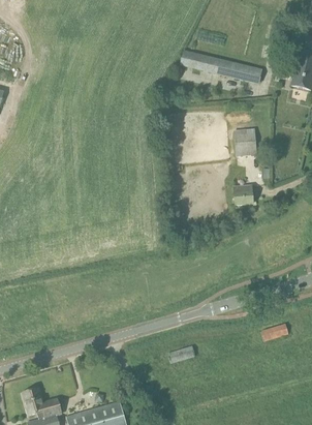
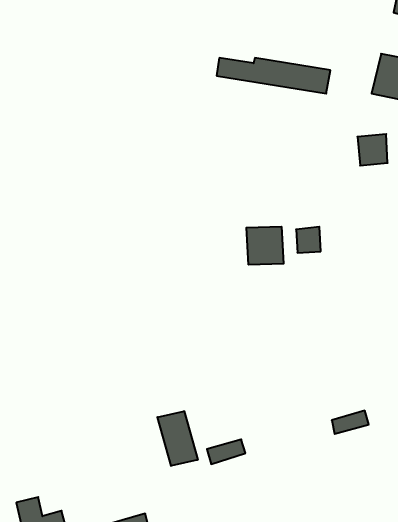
building: [235,131,257,155] -> [357,134,388,166]
building: none -> [246,227,284,265]
building: none -> [157,411,198,466]

